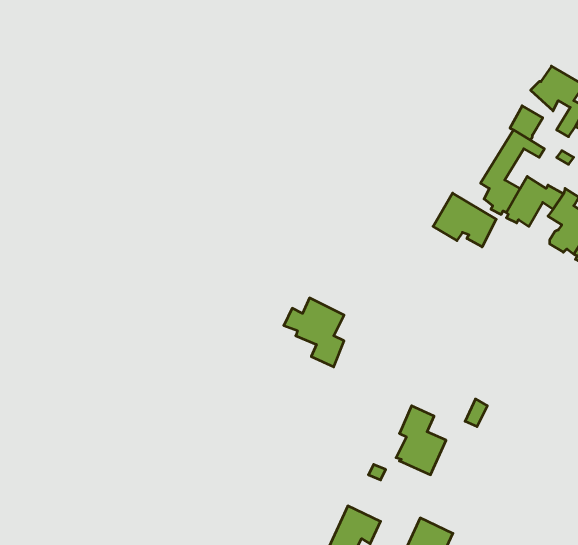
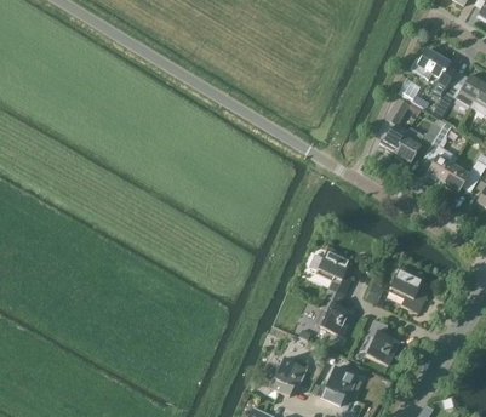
building: [433,193,496,247] -> none
building: [284,298,344,367] -> [310,246,353,295]
building: none -> [390,265,427,313]
building: none -> [367,319,400,364]

